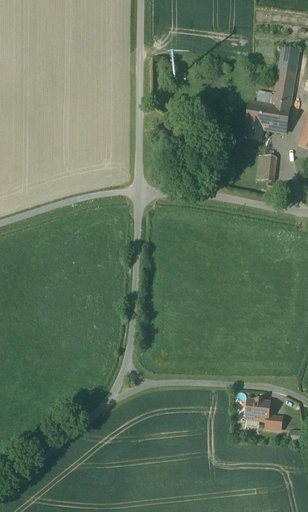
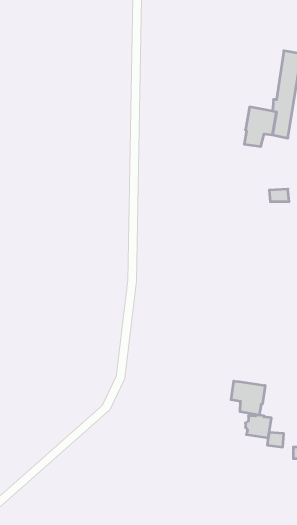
building: [258,156,276,181] -> none
building: none -> [231,381,265,415]

